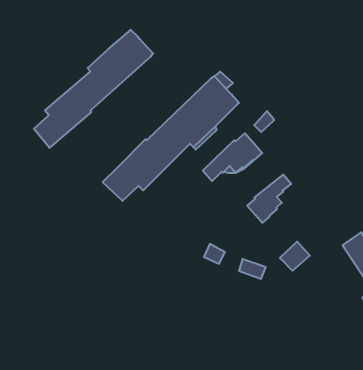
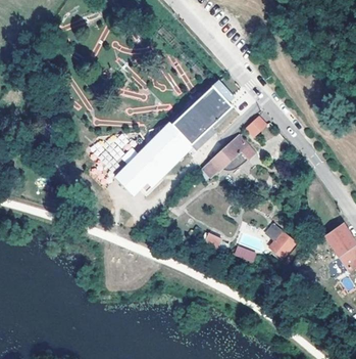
building: [34,30,153,148] -> none
building: [247,175,291,223] -> none

